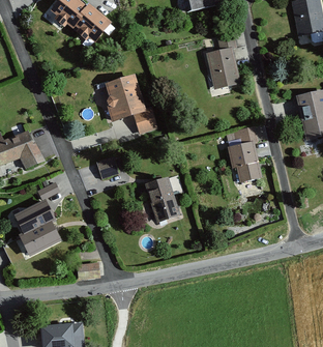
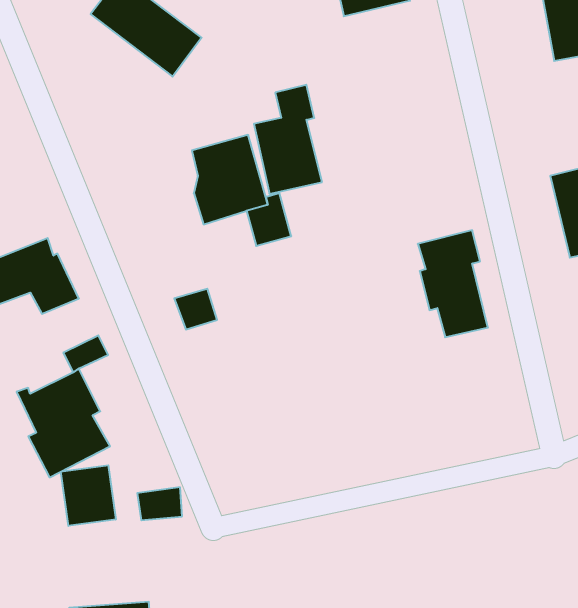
building: [205,31,241,89] -> [254,85,322,194]
building: [144,175,180,222] -> none
building: none -> [61,465,116,526]

